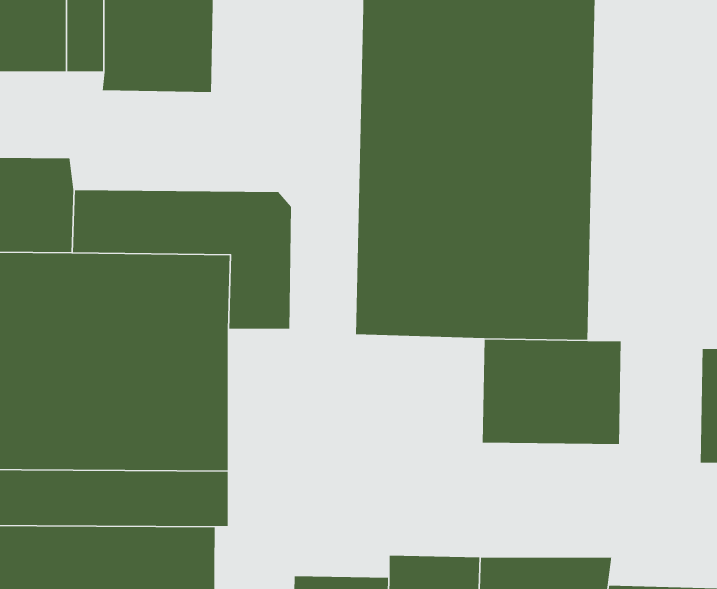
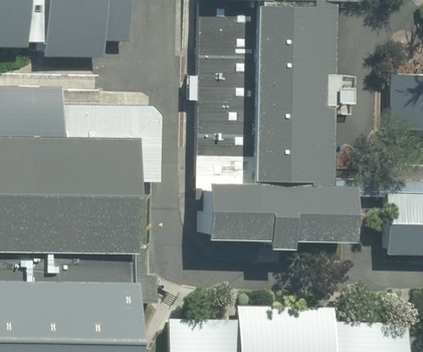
building: none -> [199,185,270,243]

